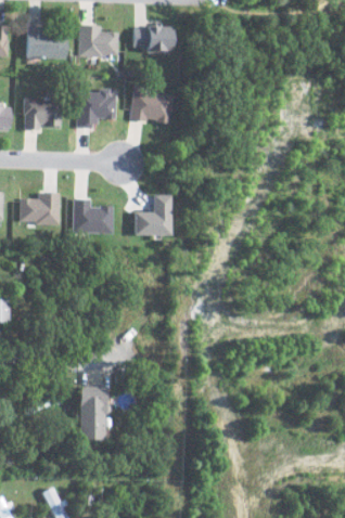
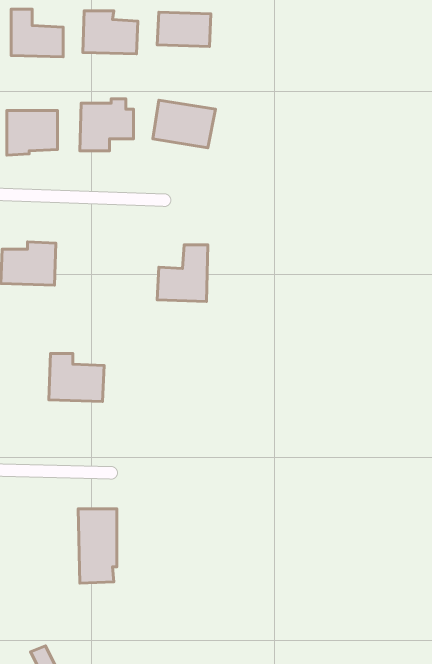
building: [73,198,113,233] -> [49,354,104,401]

